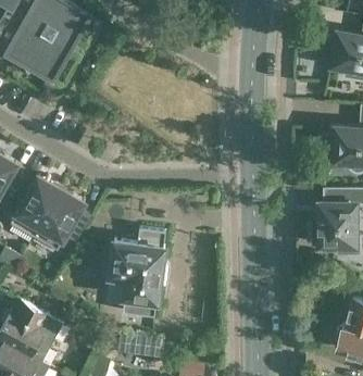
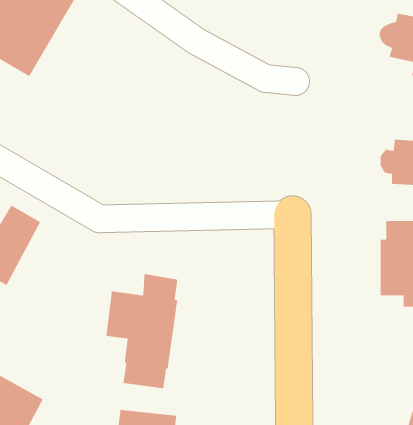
building: [34,189,90,250] -> none

